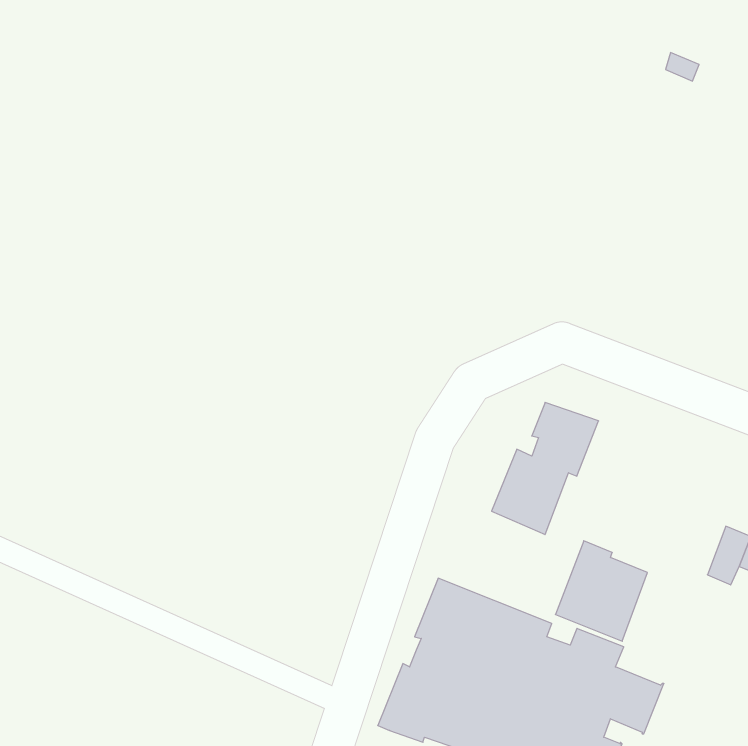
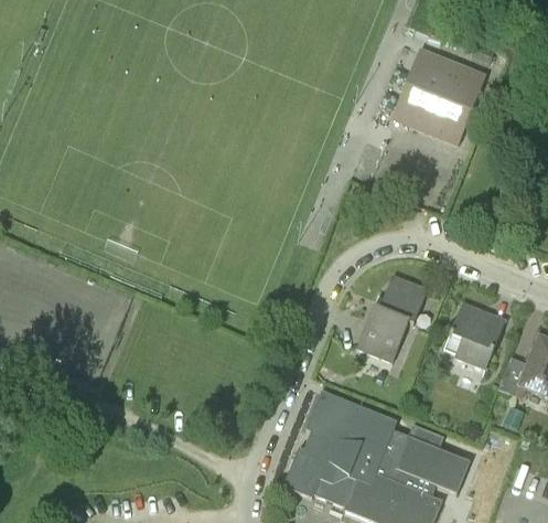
building: none -> [391,49,485,143]
building: [555,541,647,641] -> [442,302,503,369]

